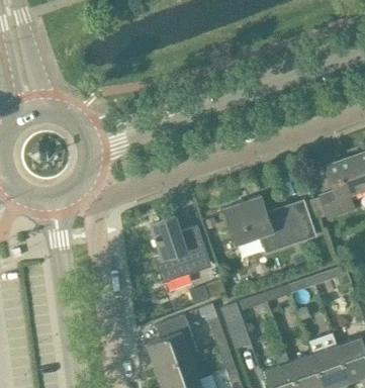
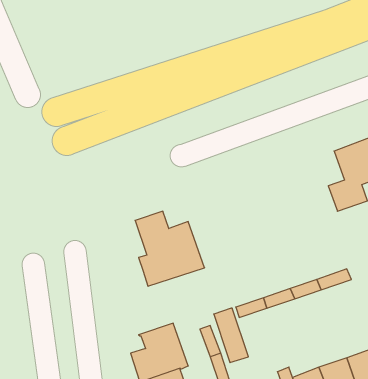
building: [222,197,318,254] -> none

